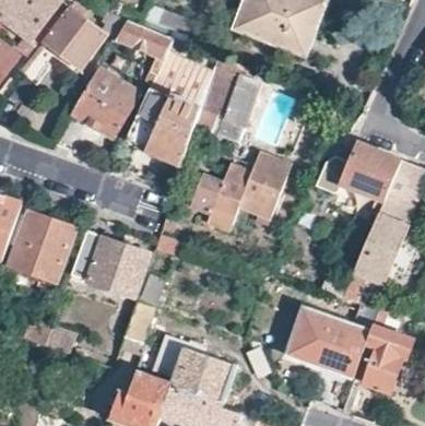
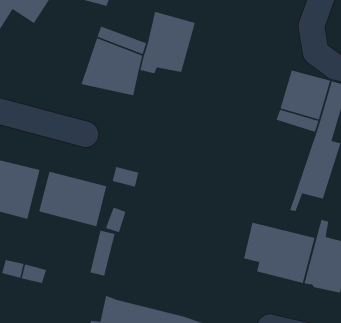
building: [70,75,140,144] -> none
building: [190,152,293,233] -> none
building: [149,335,232,401] -> none

